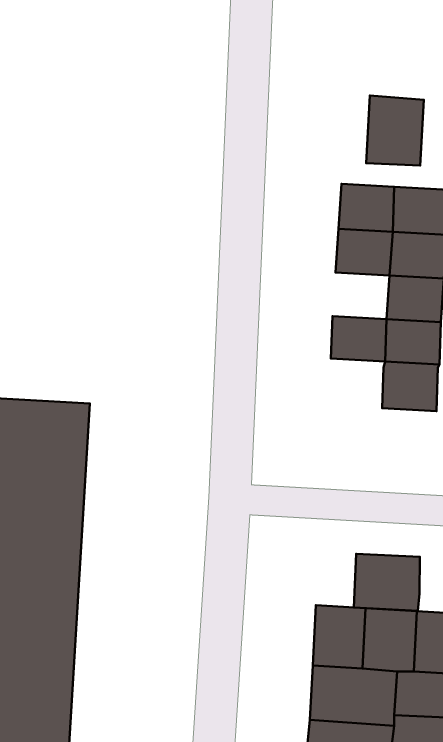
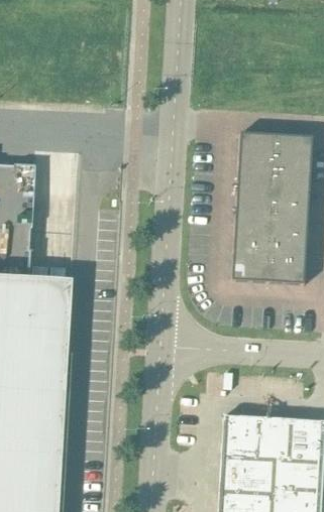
building: [366,96,424,165] -> none
building: none -> [235,191,274,223]
building: none -> [232,249,271,282]
building: [354,554,420,611] -> none

